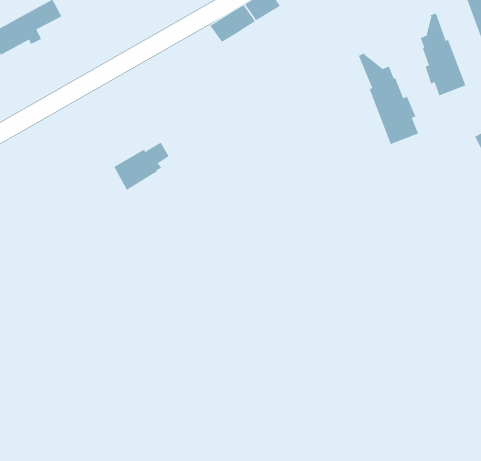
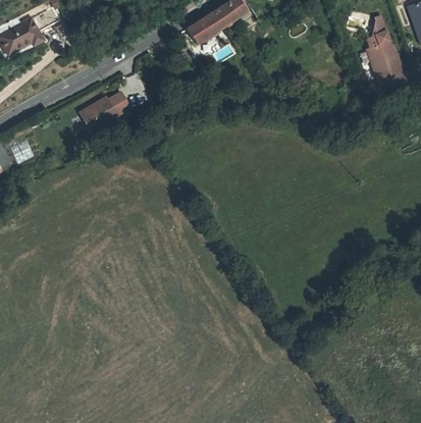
building: [358,52,419,145] -> none
building: [114,142,169,190] -> [80,91,127,133]

